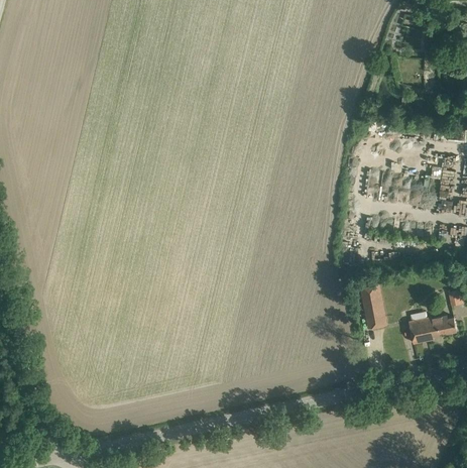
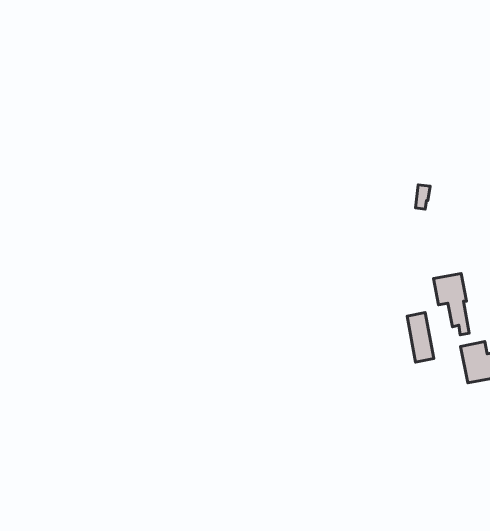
building: none -> [434,273,469,335]

